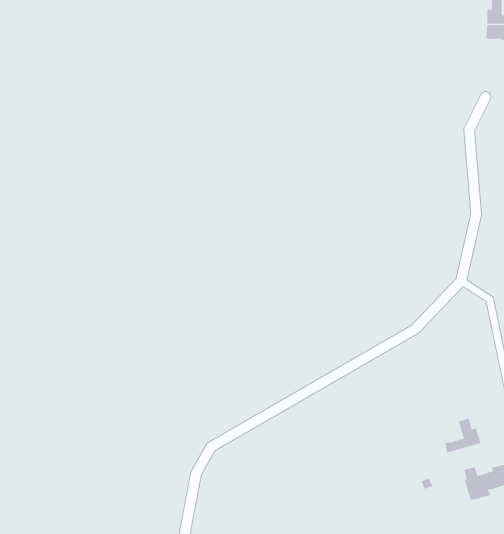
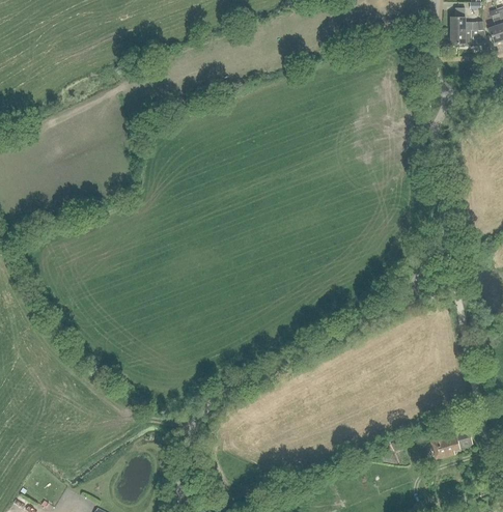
building: [445,418,481,454] -> none

